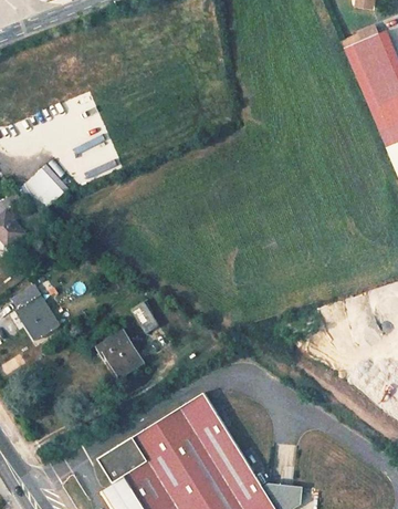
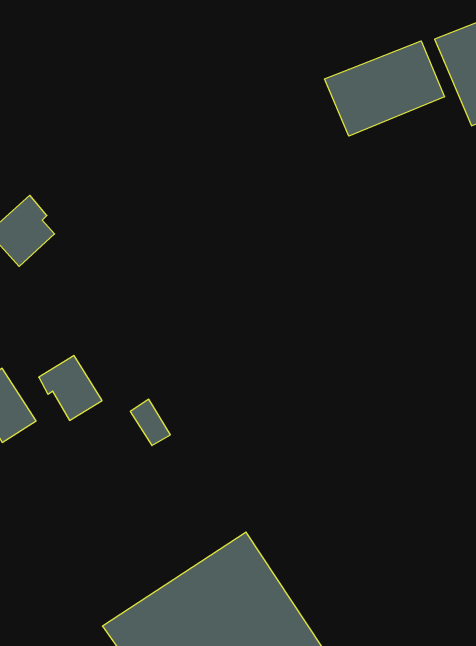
building: none -> [324,41,444,136]
building: [91,335,136,382] -> [39,356,102,420]

